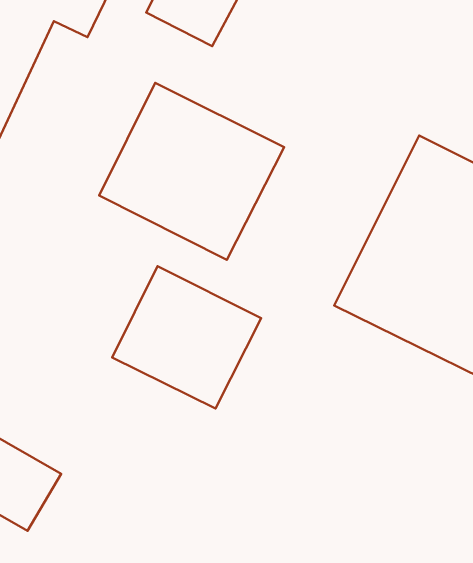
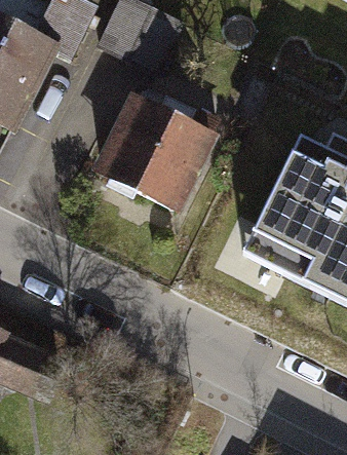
building: [112,266,261,408] -> none

